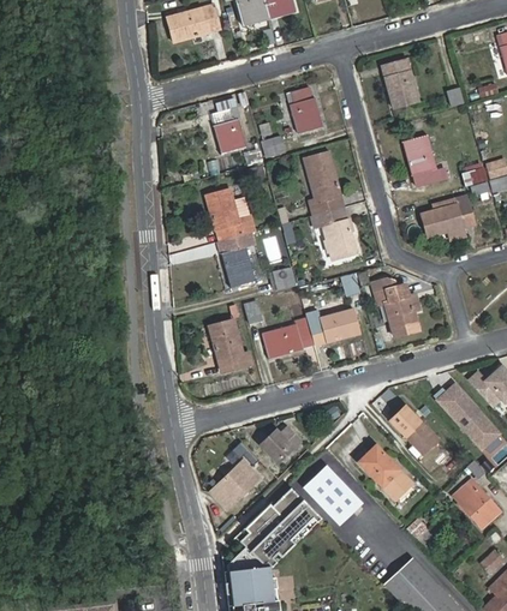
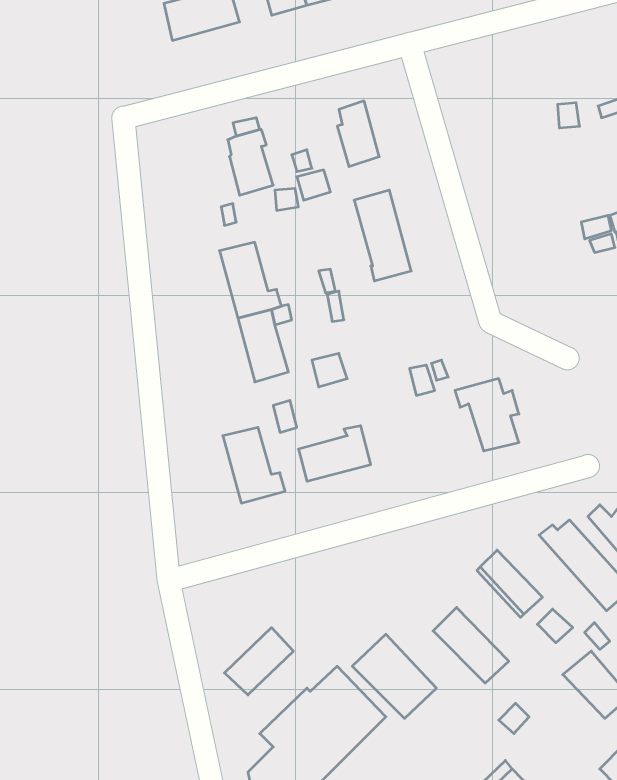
building: [386,59,418,106] -> none
building: [405,133,440,185] -> none
building: [422,197,473,239] -> none
building: [316,206,356,258] -> none
building: [306,307,362,345] -> none
building: [262,427,299,460] -> none

